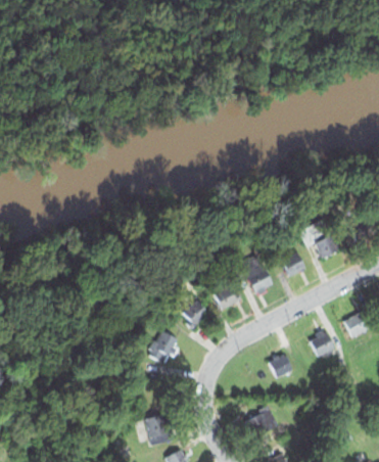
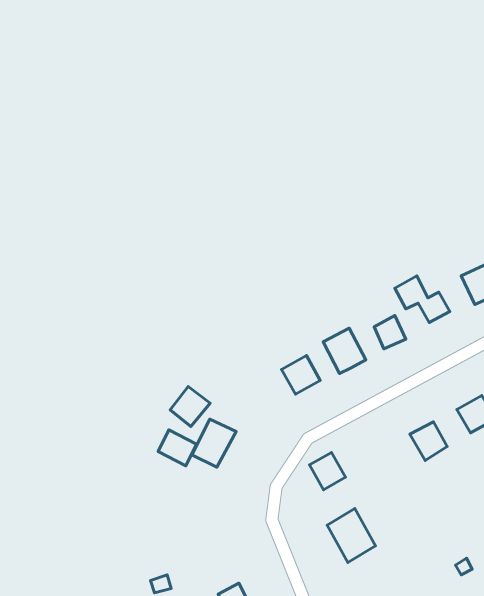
building: [179,302,208,331] -> [170,387,210,426]
building: none -> [158,430,197,466]
building: [268,353,294,380] -> [310,452,345,490]
building: [145,415,177,445] -> none

